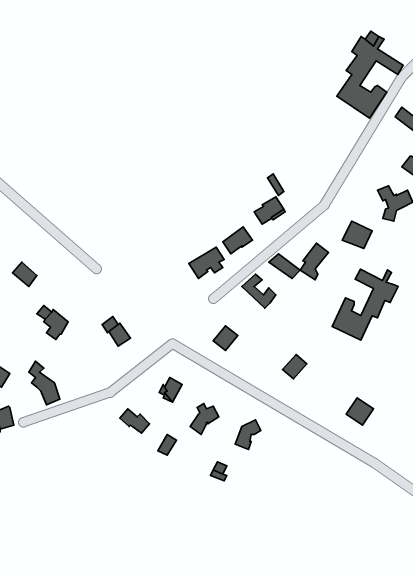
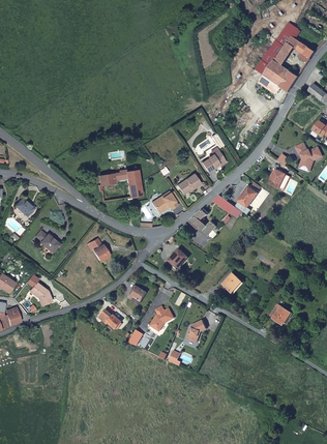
building: none -> [97,170,139,198]
building: [332,269,398,340] -> none

